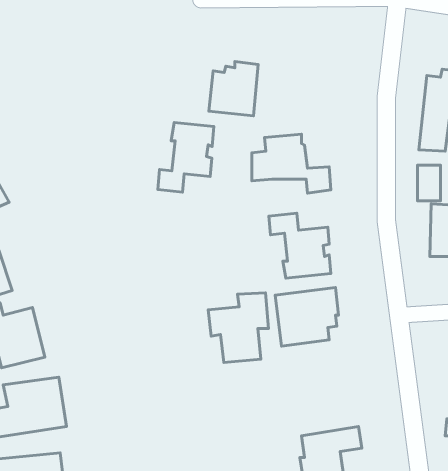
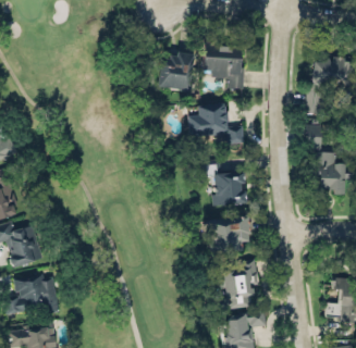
building: none -> [197,40,243,87]
building: [158,122,214,192] -> none
building: [208,293,269,362] -> [216,260,258,309]

